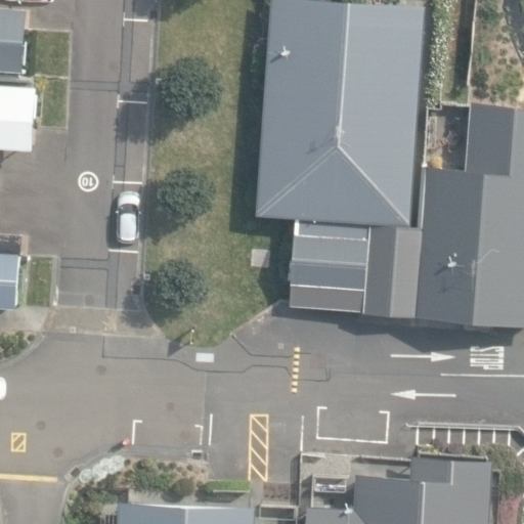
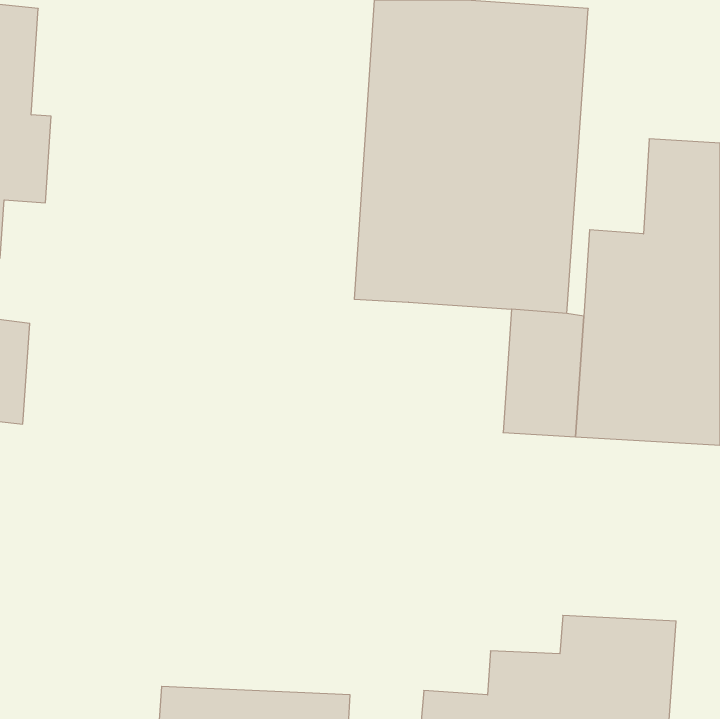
building: [290,222,369,316] -> none

